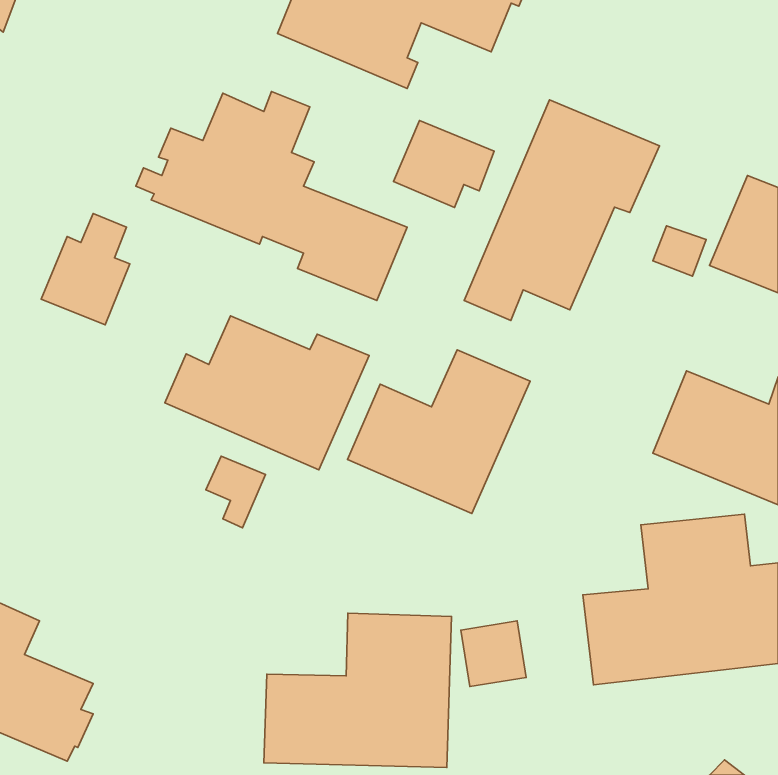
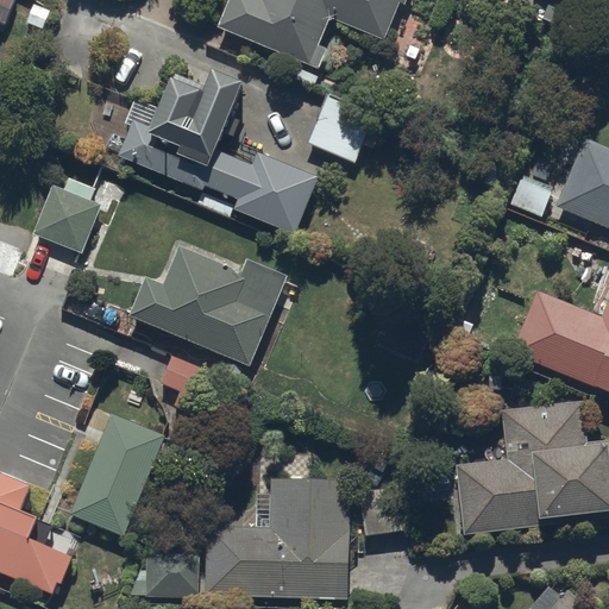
building: [464,100,659,320] -> none
building: [347,350,530,514] -> none
building: none -> [71,415,167,538]
building: none -> [147,552,200,596]

